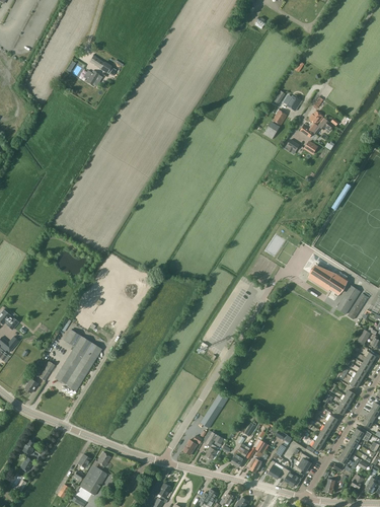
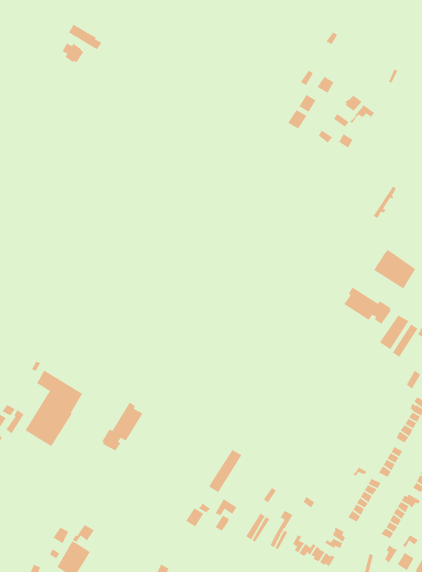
building: none -> [373,249,416,290]
building: none -> [101,402,144,452]

